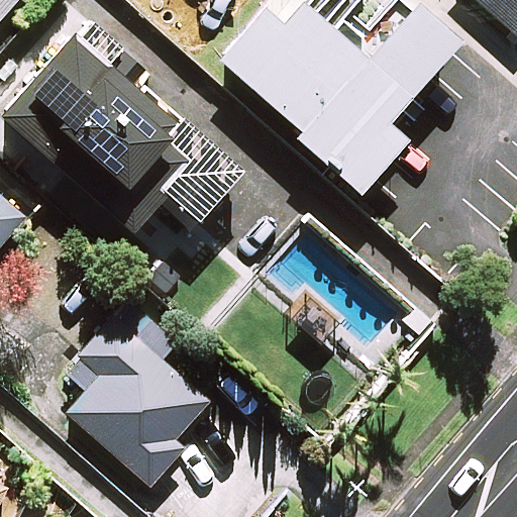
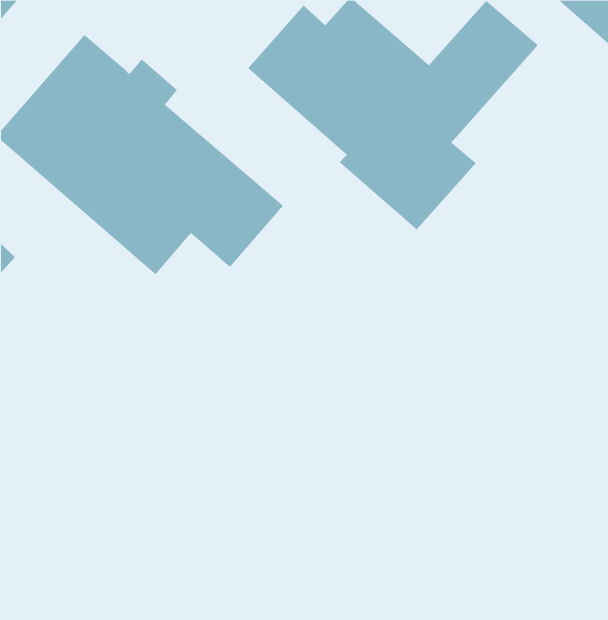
building: [65,301,209,485] -> none

